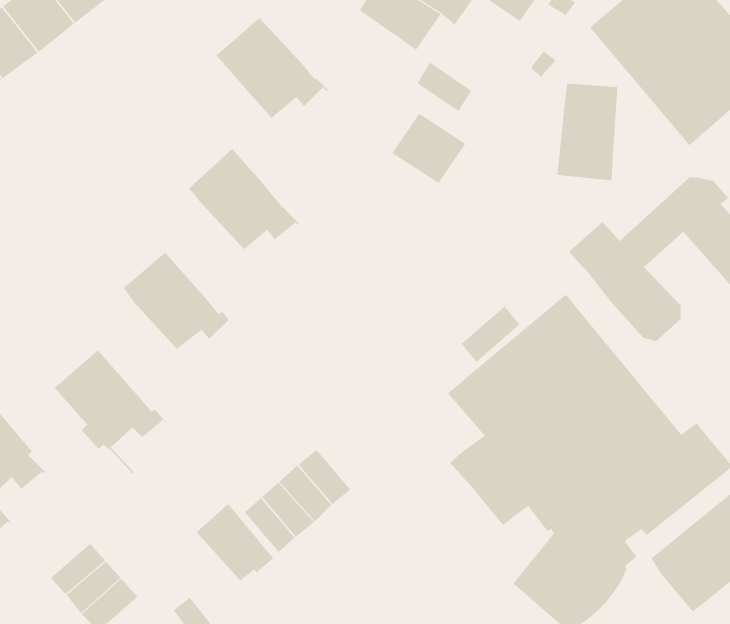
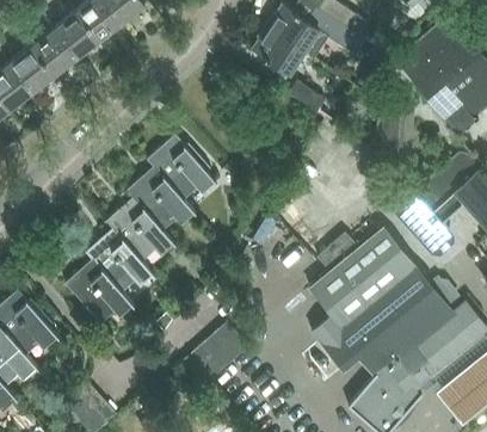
building: [216,17,329,119] -> [127,167,197,230]
building: [391,113,466,184] -> none
building: none -> [86,230,155,291]
building: [196,503,274,582] -> none

